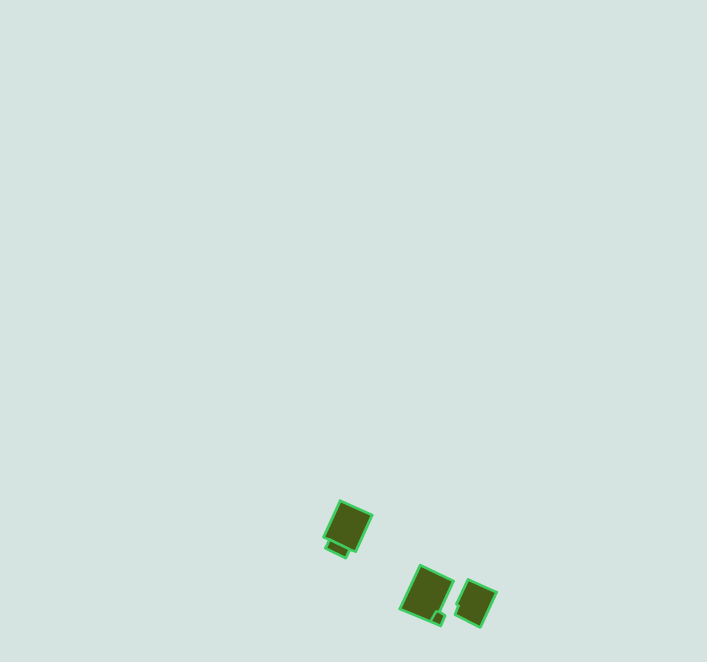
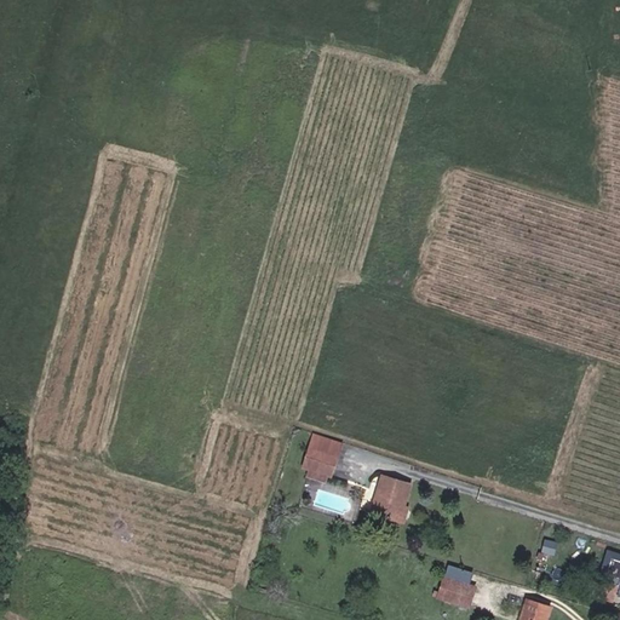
building: [455,579,497,627] -> none

